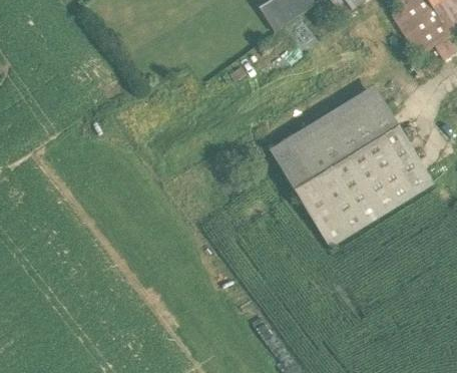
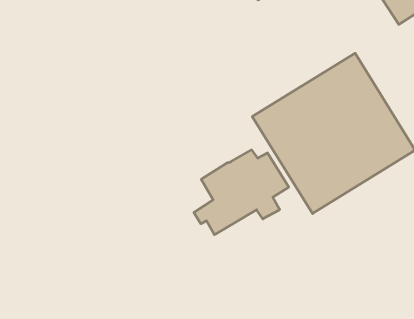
building: none -> [194,150,289,235]

